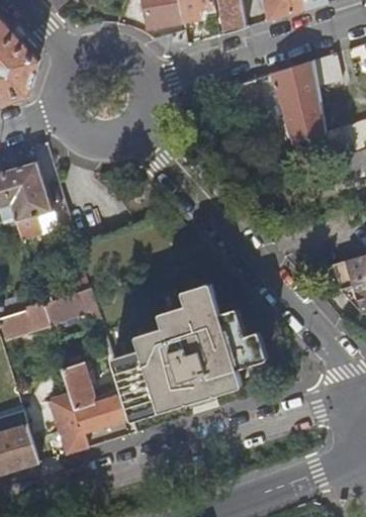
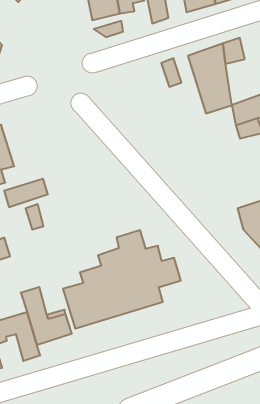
building: [41,289,96,324] -> [4,179,48,207]

